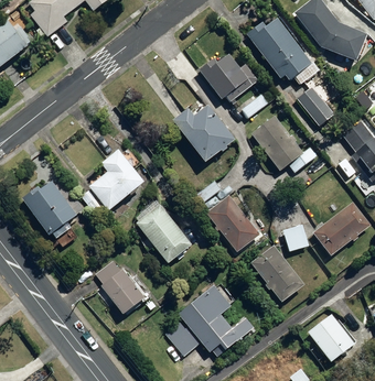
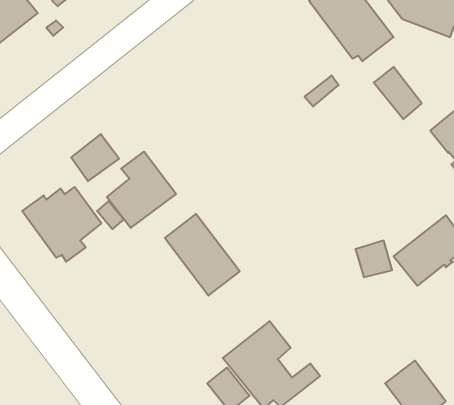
building: [200,51,258,100] -> none
building: [171,102,236,162] -> none
building: [251,115,318,171] -> none
building: none -> [71,134,119,181]
building: [207,193,260,250] -> none
building: [251,246,304,302] -> none
building: [96,259,146,313] -> none

